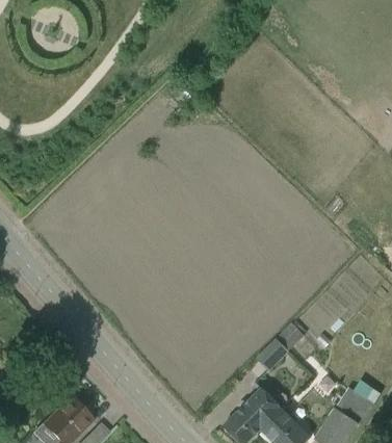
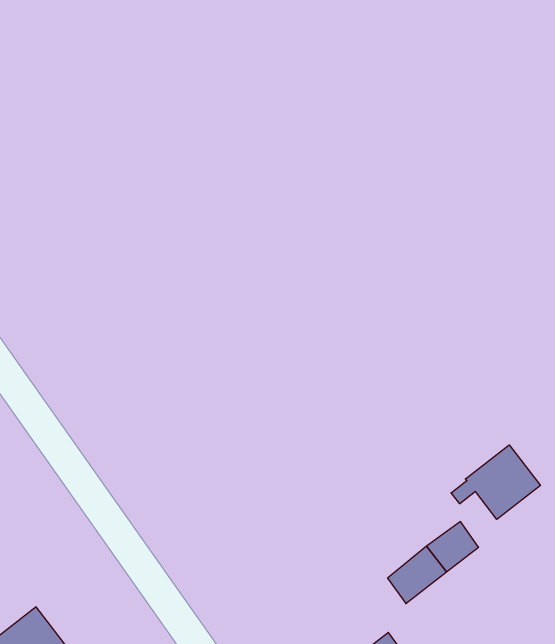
building: none -> [451,445,540,519]

